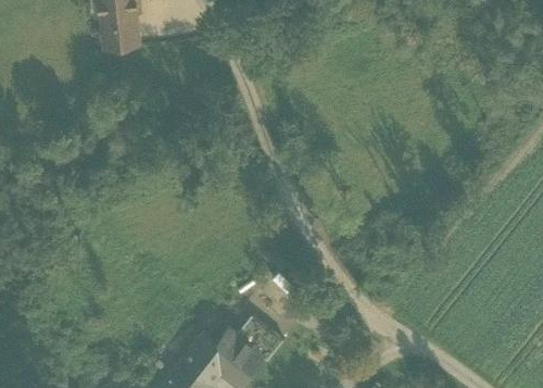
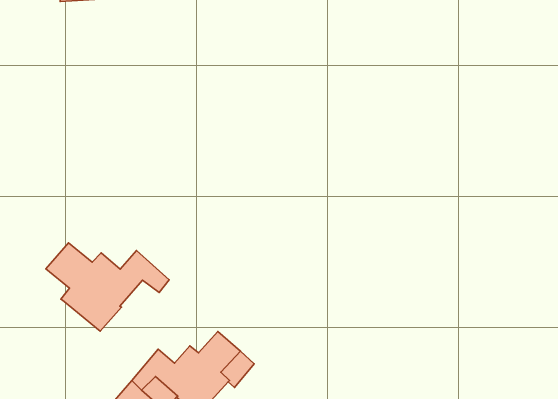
building: none -> [46,243,169,331]

